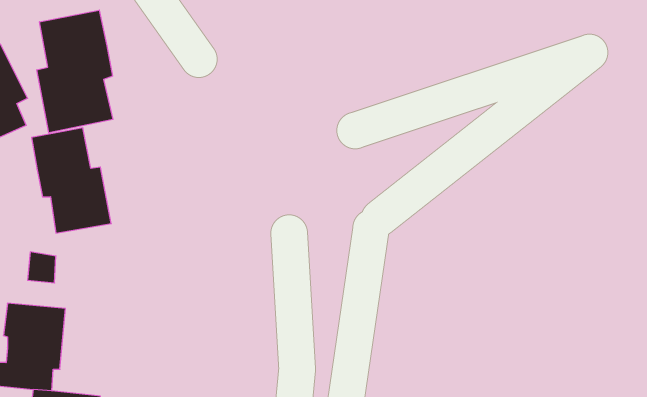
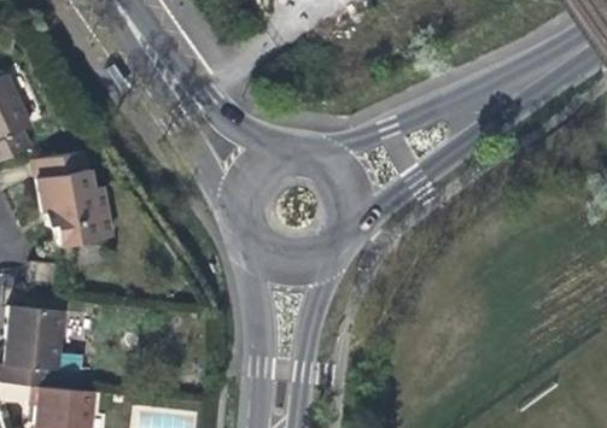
building: [37,10,113,133] -> none

